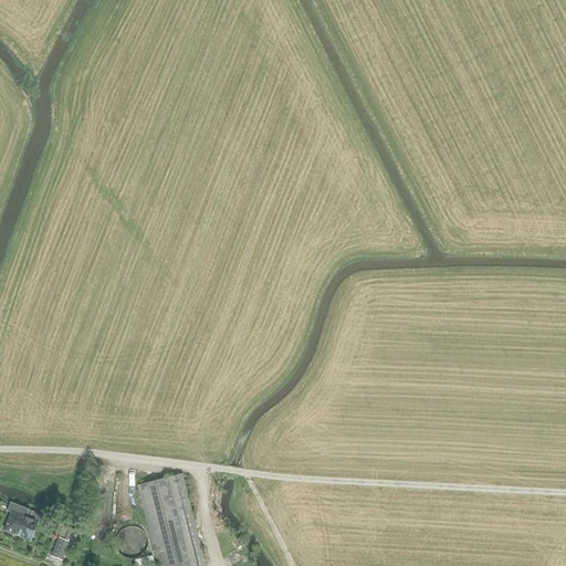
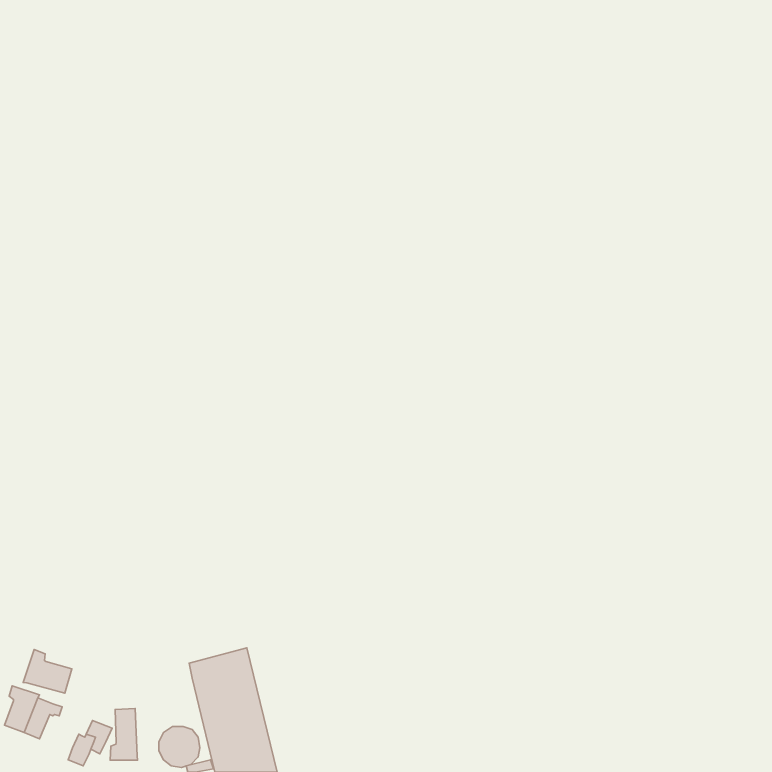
building: none -> [23,650,72,693]
building: none -> [110,708,138,760]

